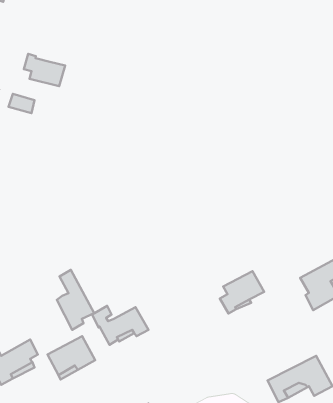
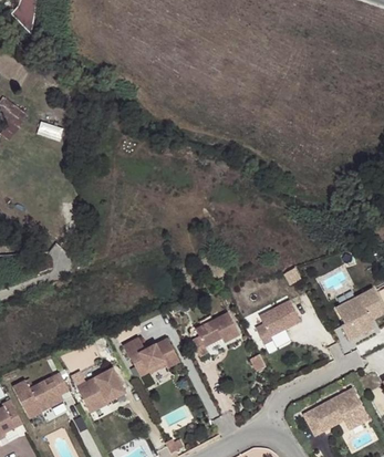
building: [24,54,65,86] -> none
building: [57,270,94,330] -> none
building: none -> [191,311,239,355]

